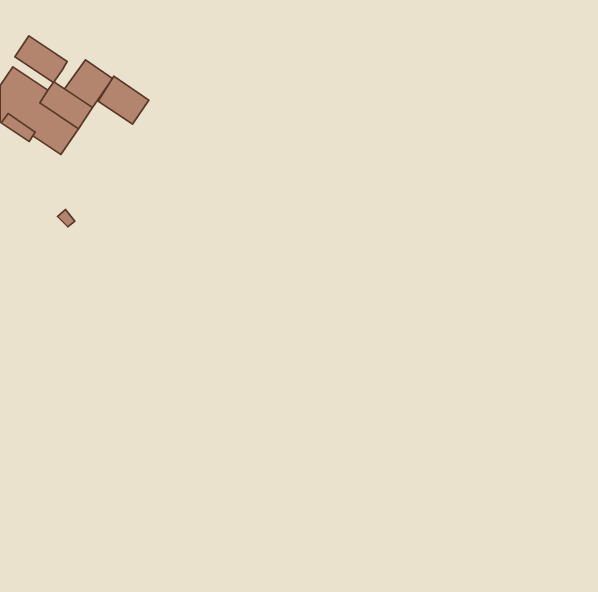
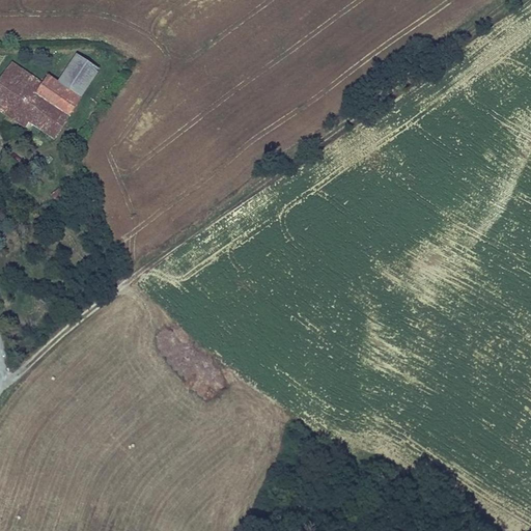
building: [15,36,67,83] -> none
building: [98,76,149,124] -> none

